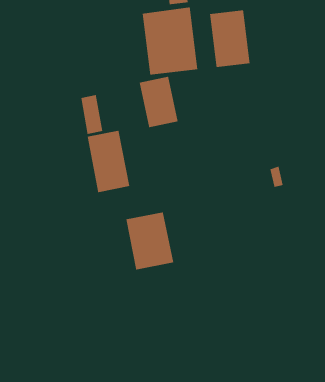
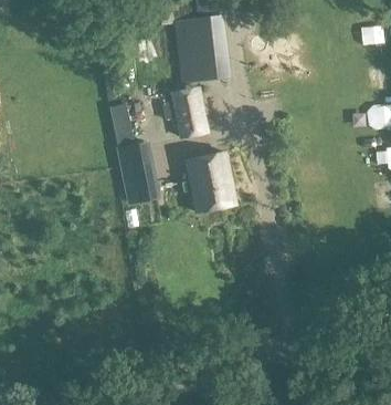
building: [210,9,250,68] -> none
building: [126,212,174,270] -> [187,150,236,210]

